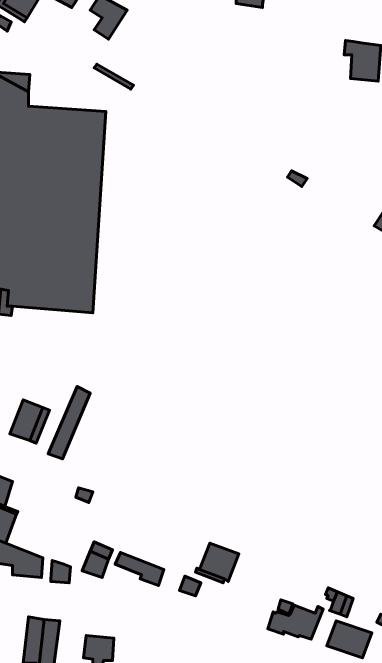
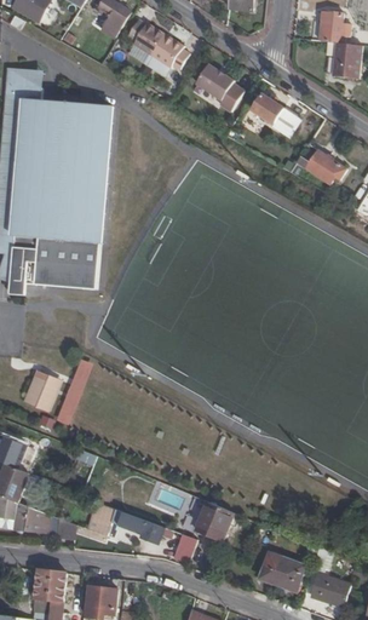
building: none -> [321,10,351,41]
building: none -> [130,21,185,67]
building: none -> [192,63,241,110]
building: none -> [252,94,297,136]
building: none -> [297,145,345,183]

